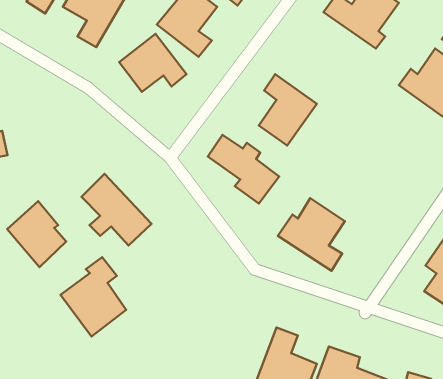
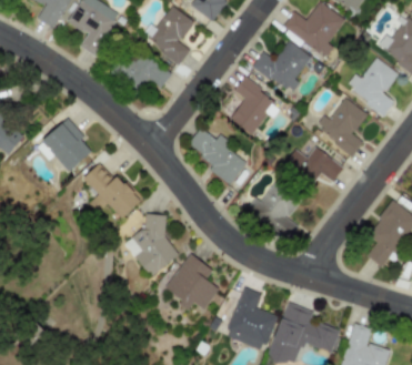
building: none -> [252,40,311,93]
building: none -> [316,97,368,155]
building: none -> [285,146,343,183]
building: [7,201,66,267] -> [42,118,91,172]
building: [60,257,126,337] -> [124,212,179,277]
building: none -> [164,253,219,310]

